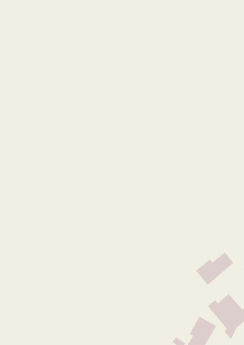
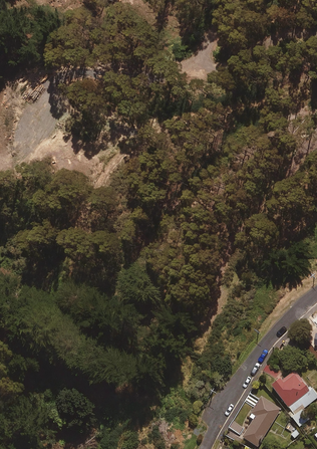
building: [195,251,234,286] -> none

